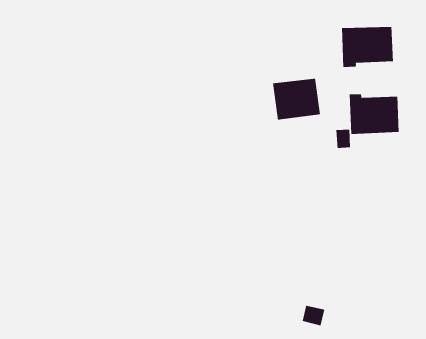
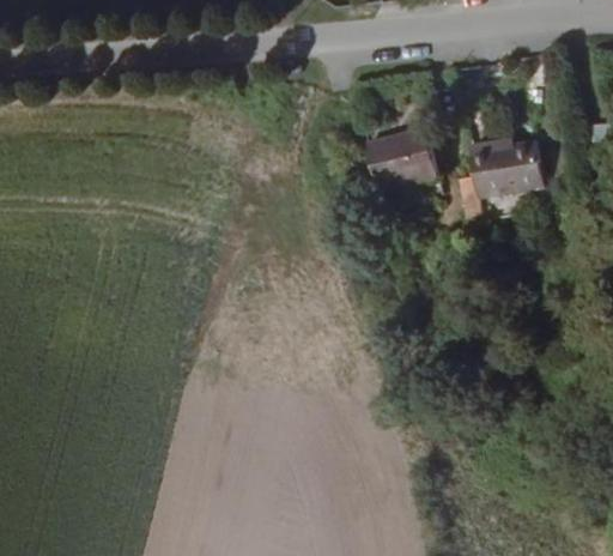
building: [341,26,394,68] -> none

